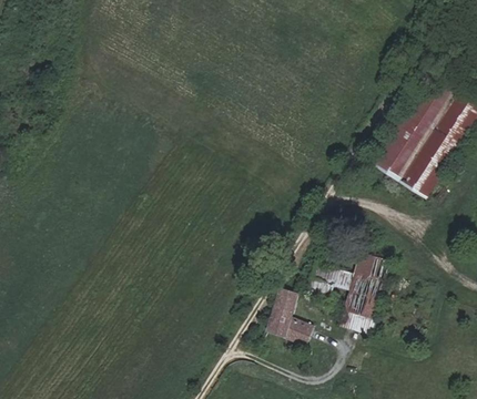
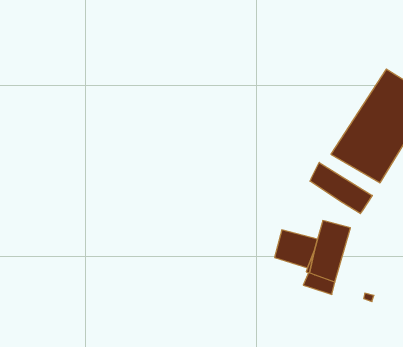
building: none -> [310,162,372,214]
building: [271,286,315,340] -> none

